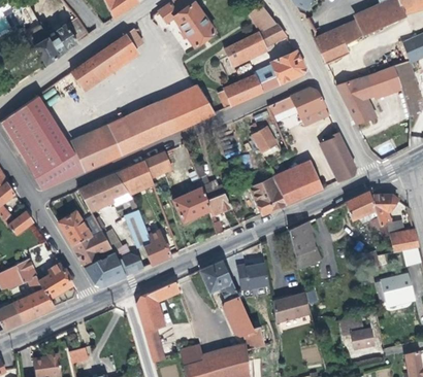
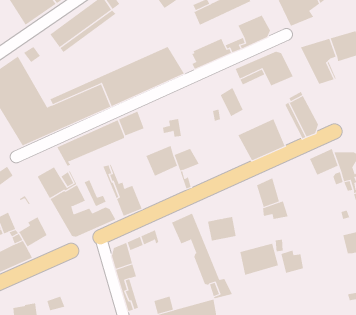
building: [250,178,285,215] -> none
building: [352,324,377,349] -> [280,250,304,273]

